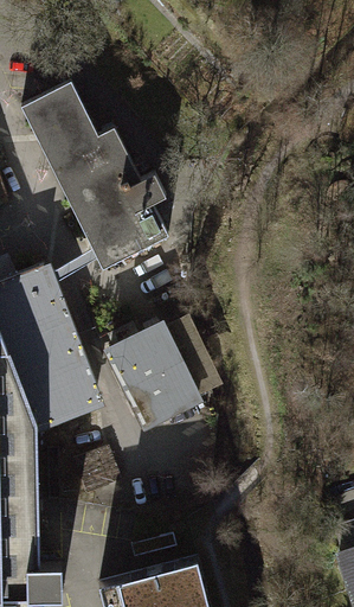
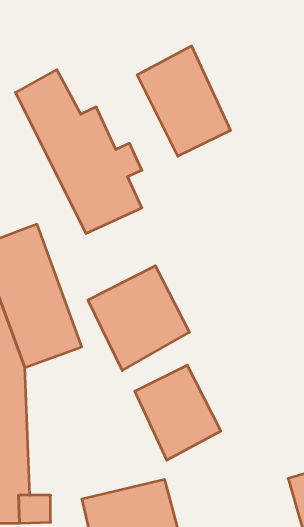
building: none -> [137,46,230,156]
building: none -> [135,365,221,460]

